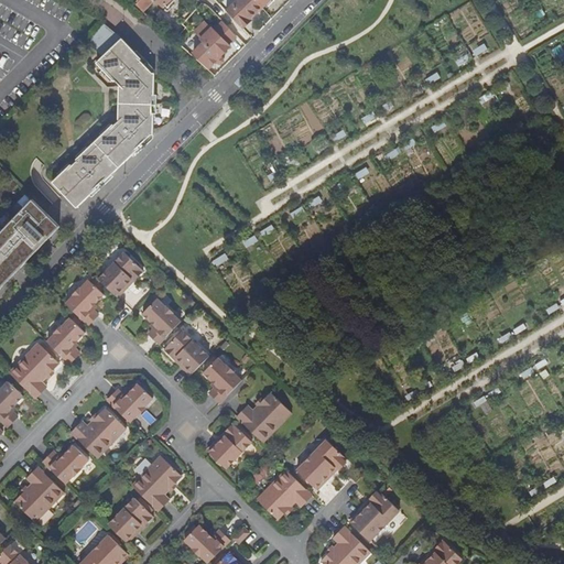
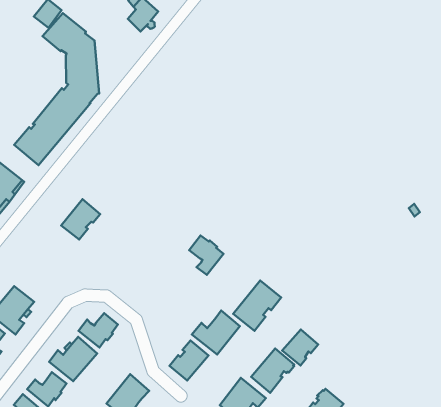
building: [65,279,104,325] -> none
building: [140,296,178,343] -> none
building: [46,317,84,362] -> none
building: [162,328,207,373] -> none
building: [200,356,239,401] -> [189,236,224,275]
building: none -> [233,281,281,331]
building: none -> [282,329,318,366]

